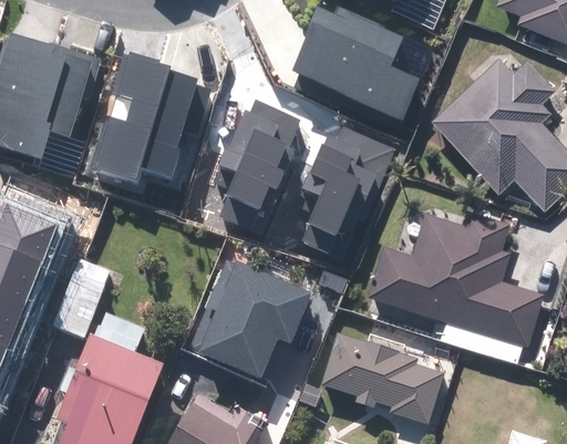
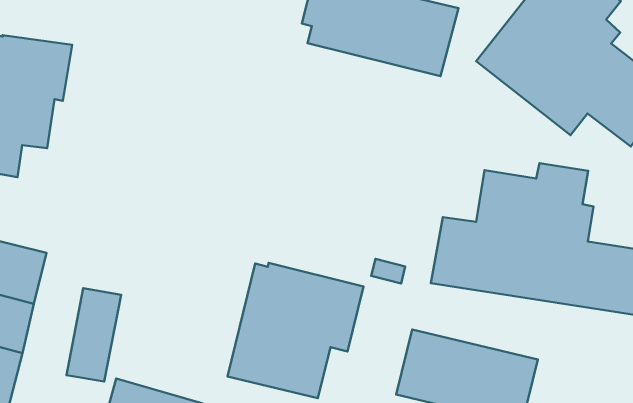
building: [87,52,212,184] -> none
building: [214,99,302,235] -> none
building: [292,125,396,261] -> none

